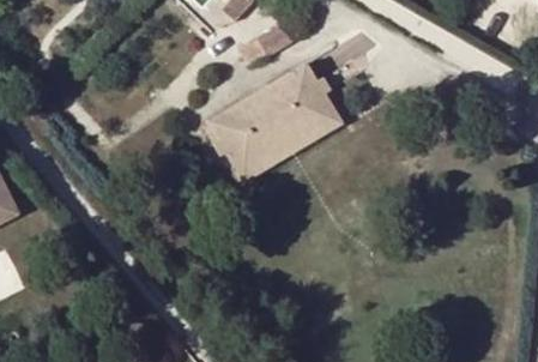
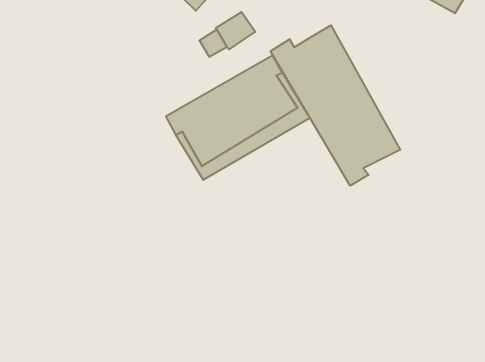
building: none -> [271,25,400,186]

